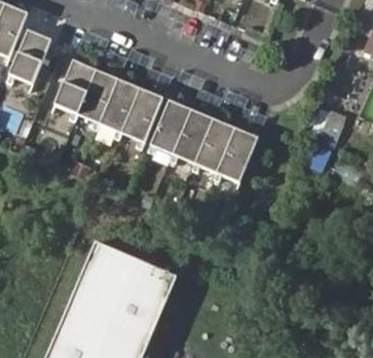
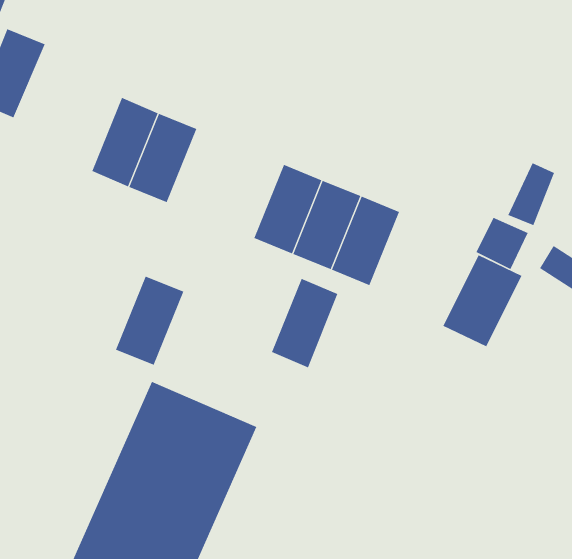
building: [57,64,97,116] -> none
building: [123,92,163,144] -> [115,276,184,366]
building: [152,103,191,155] -> [271,278,338,368]
building: none -> [443,254,522,347]

